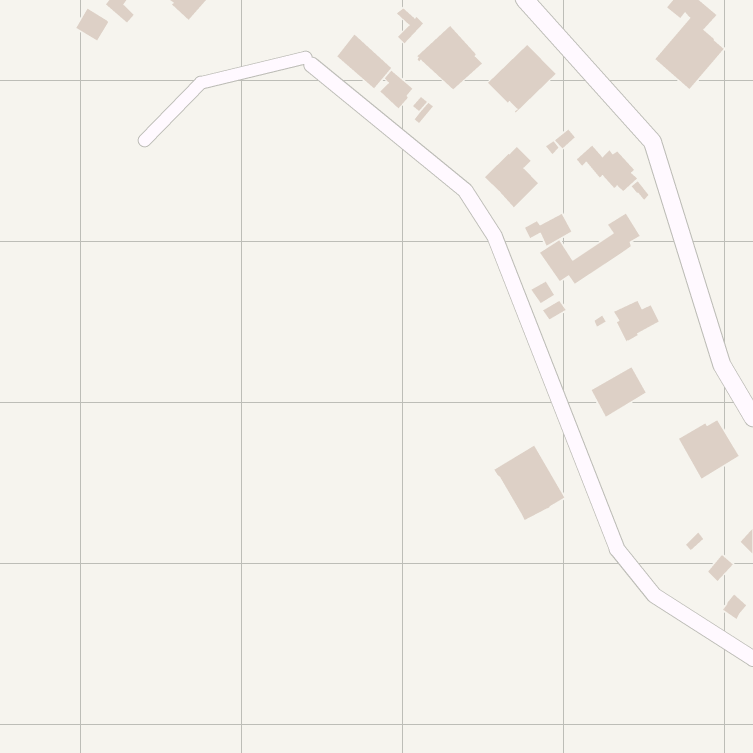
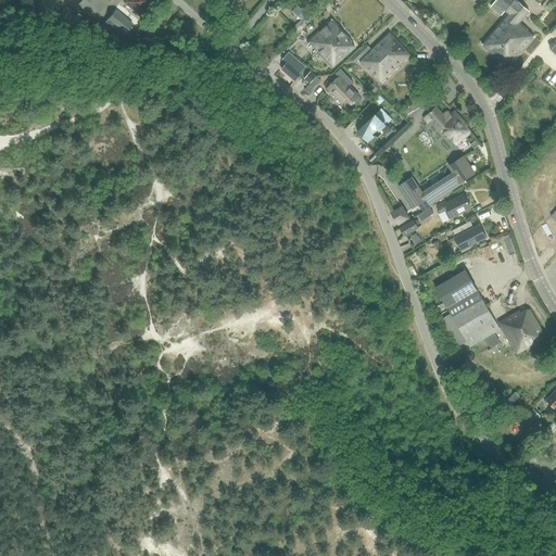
building: none -> [101,8,131,40]
building: [336,34,392,90] -> none
building: none -> [327,68,361,110]
building: [524,213,573,247] -> [434,193,470,218]
building: [493,445,566,521] -> [445,289,498,345]

